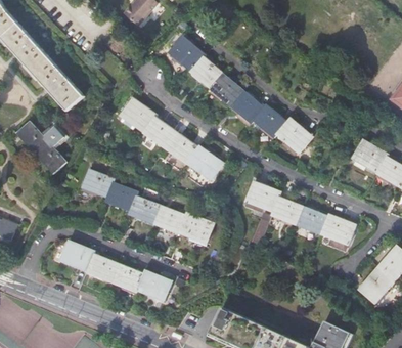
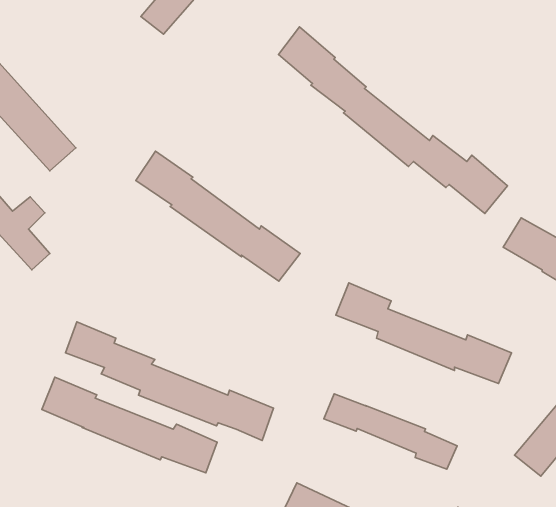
building: [169,36,313,154] -> [278,27,508,214]
building: [83,169,214,244] -> [65,322,273,441]
building: none -> [324,394,457,469]

